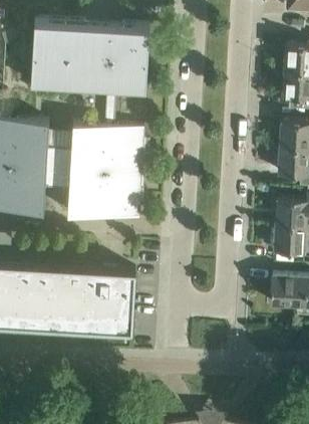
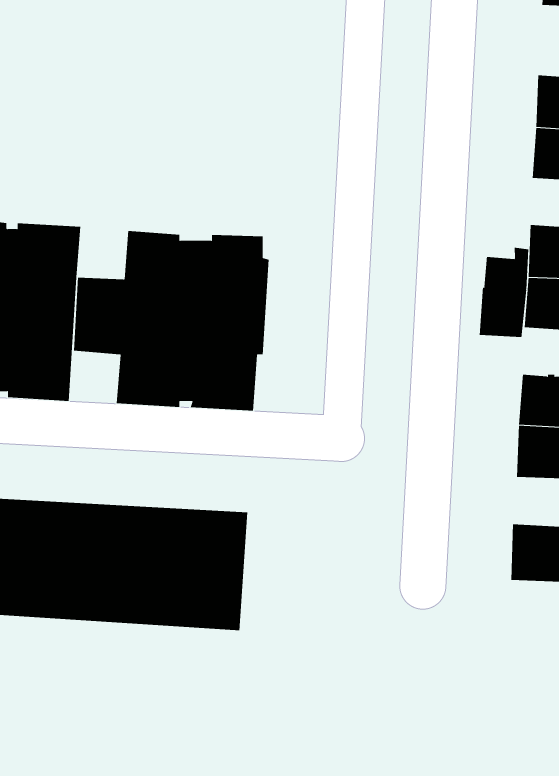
building: [31,21,149,131] -> none
building: none -> [479,247,529,338]

